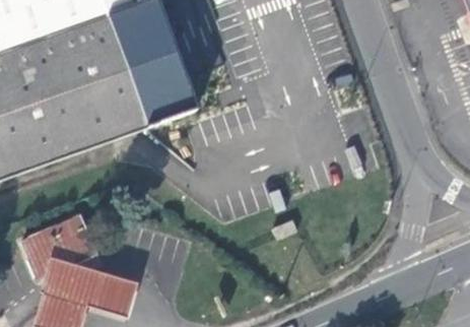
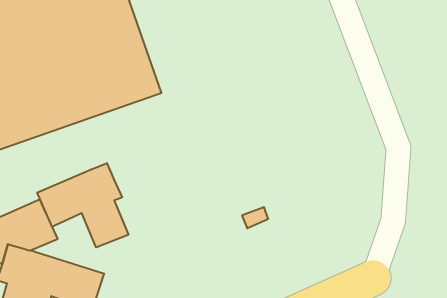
building: none -> [37,163,129,247]

